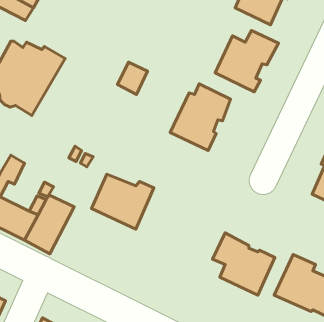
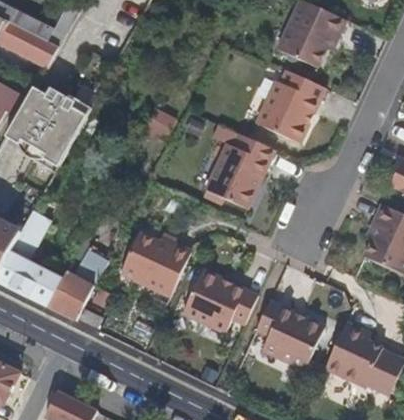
building: none -> [181,269,254,330]

